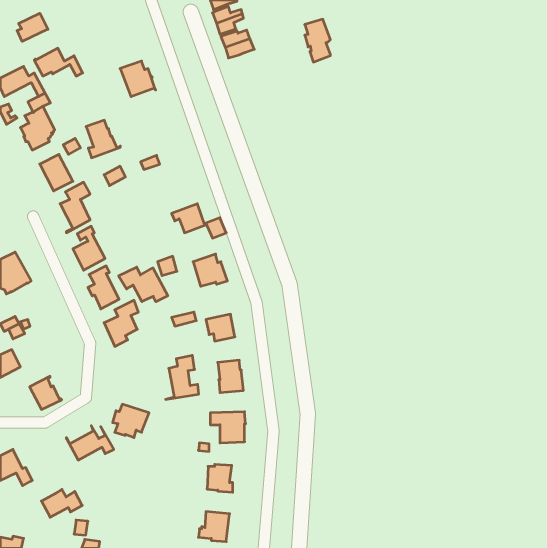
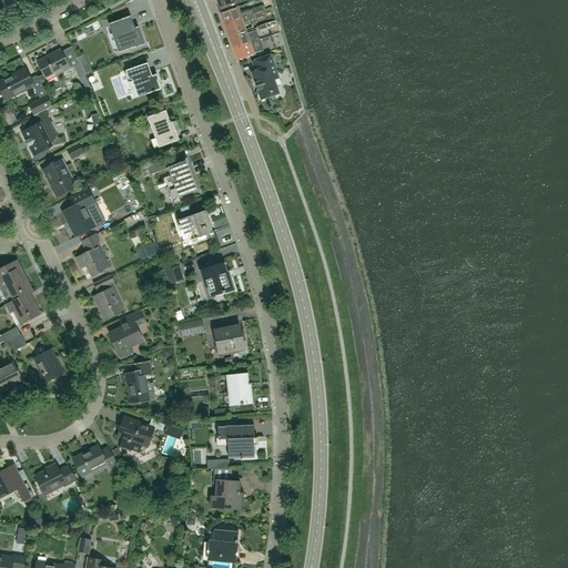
building: [17,13,48,41] -> none
building: none -> [109,17,144,52]
building: [305,19,330,62] -> [252,55,278,100]
building: [86,120,120,158] -> [148,111,183,150]
building: none -> [169,159,197,196]
building: [119,267,168,302] -> none
building: none -> [6,293,40,324]
building: [166,355,199,399] -> [122,361,156,406]
building: [30,376,62,409] -> [32,348,65,383]
building: [41,489,82,517] -> [34,464,77,493]

